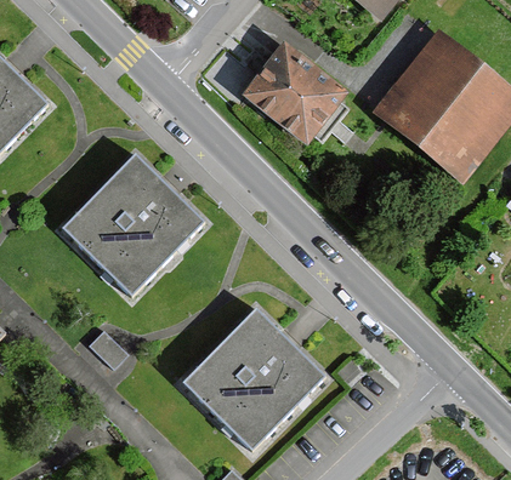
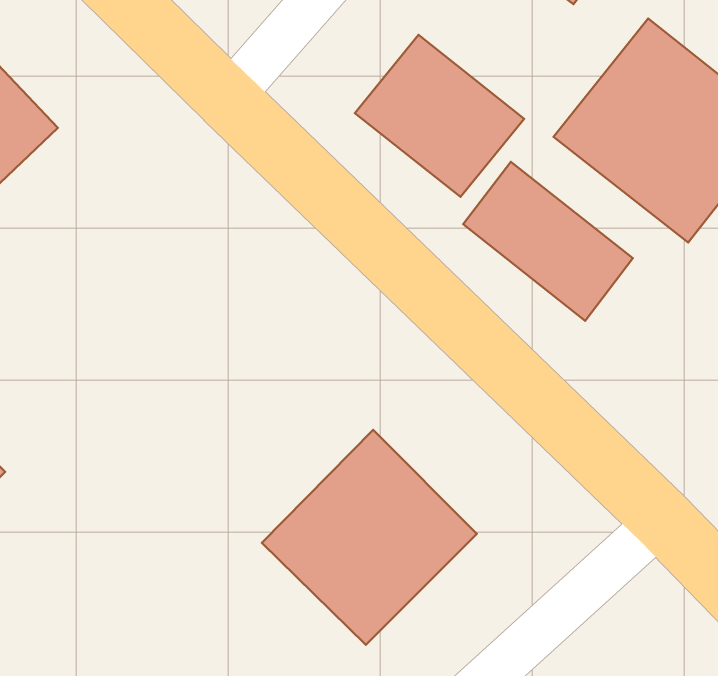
building: none -> [463,162,633,321]
building: [59,153,201,293] -> none

